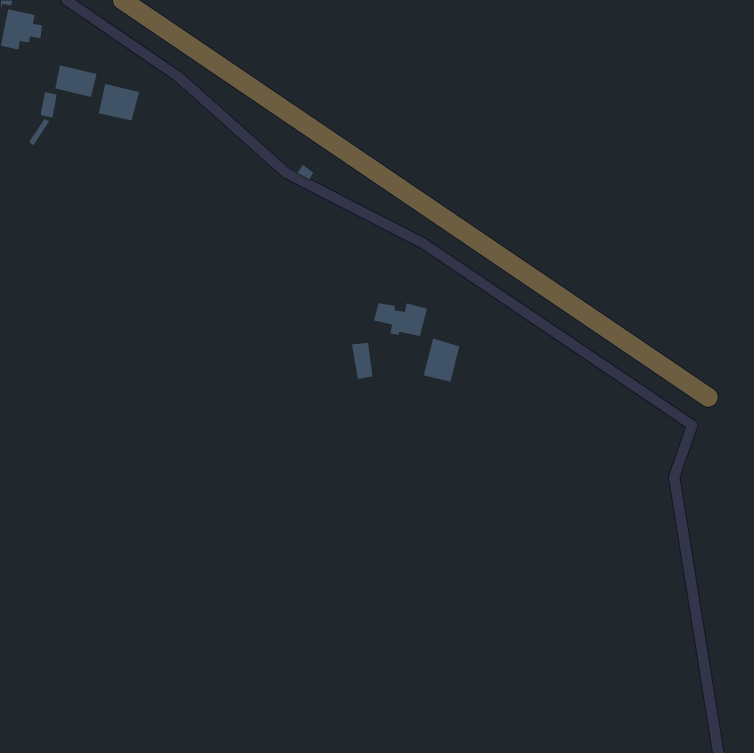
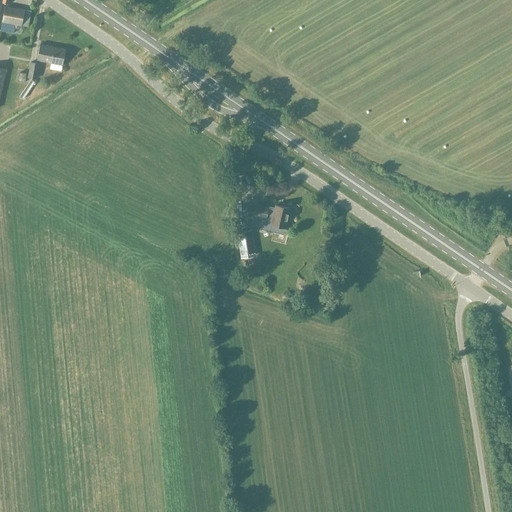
building: [98,83,140,121] -> none
building: [423,338,460,382] -> none

